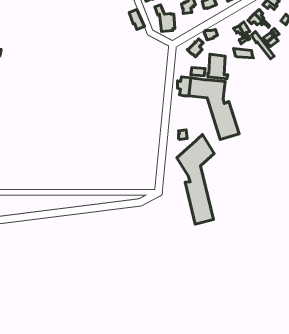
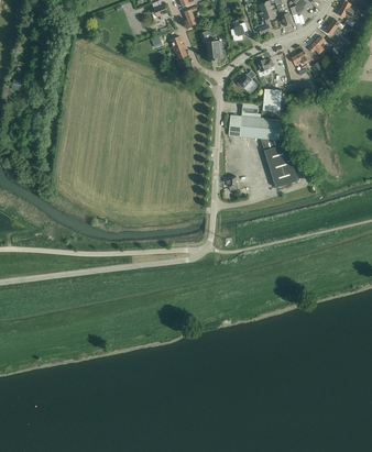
building: [177,134,214,224] -> none

